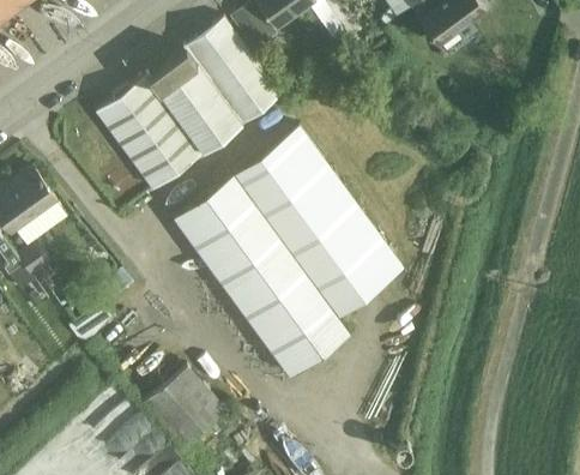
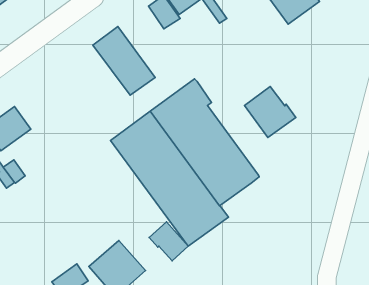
building: [185,19,282,126] -> none
building: [97,76,205,191] -> none
building: none -> [244,86,296,138]
building: none -> [149,222,188,261]

